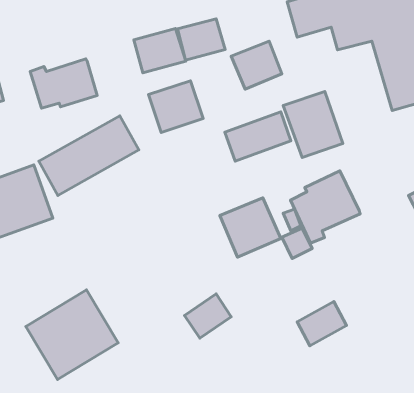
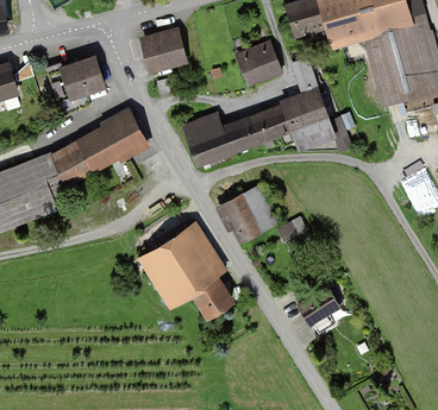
building: [178,19,225,60] -> none
building: [149,81,203,133] -> [182,116,233,165]
building: [290,171,360,243] -> none
building: [26,290,118,380] -> [138,221,225,305]

